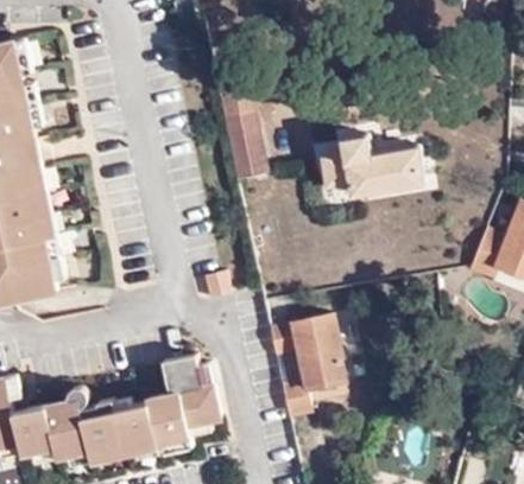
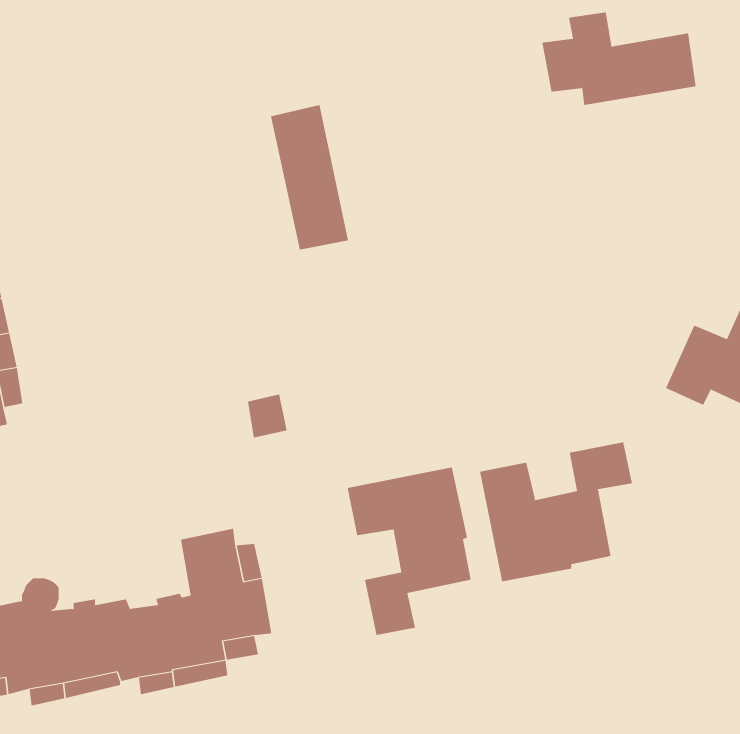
building: [327,139,423,197] -> [541,12,697,106]
building: none -> [480,442,632,582]

